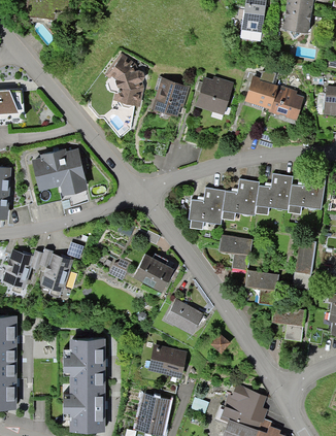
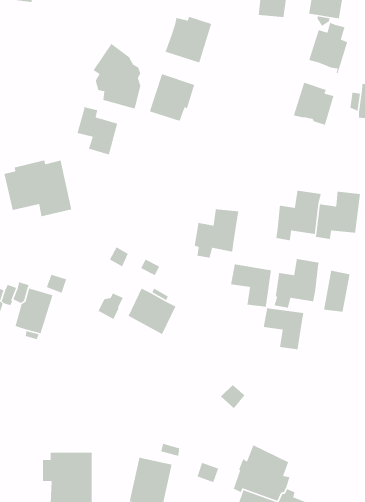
building: [244,69,277,112] -> [308,22,348,74]
building: [194,76,233,115] -> [165,16,212,64]
building: none -> [77,106,118,155]
building: [221,179,259,221] -> [274,258,320,308]
building: [164,299,203,335] -> none
building: [272,304,305,341] -> none
building: [63,339,104,389] -> none
building: [147,344,187,378] -> none

